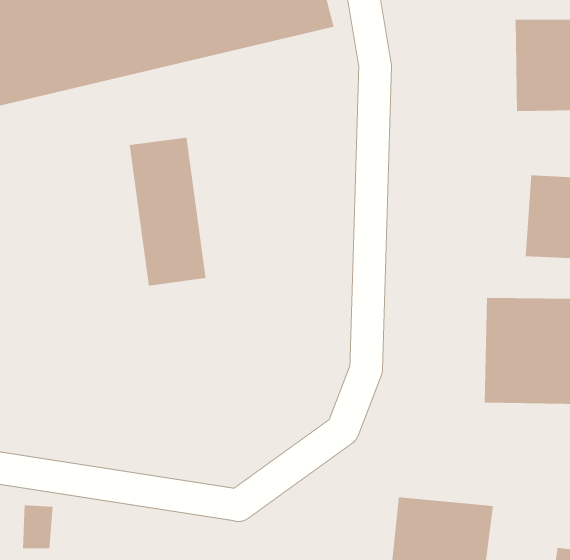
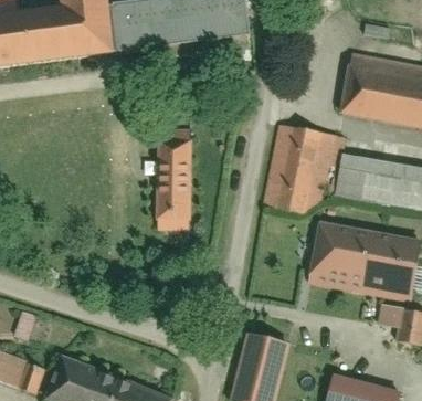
building: [129,137,206,287] -> [155,144,190,230]
building: none -> [263,120,342,209]

